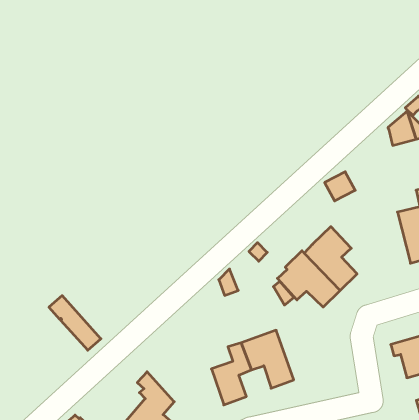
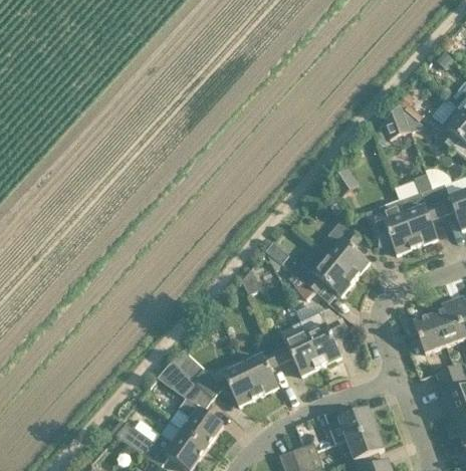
building: none -> [368,201,418,255]
building: [49,296,101,350] -> [173,350,224,399]
building: none -> [300,307,344,367]
building: none -> [224,365,259,407]

